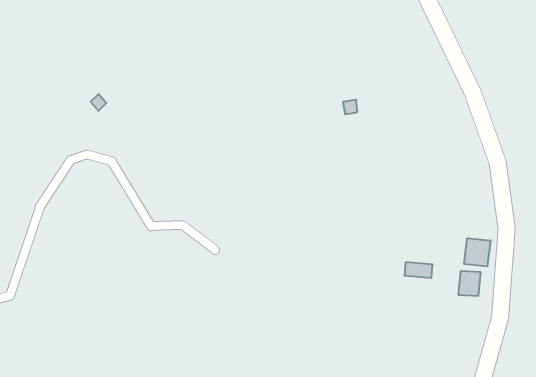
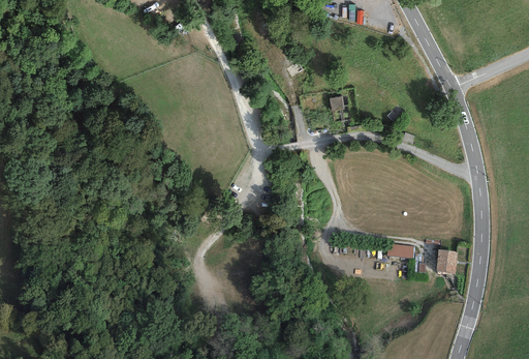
building: [464,238,491,266] -> none

